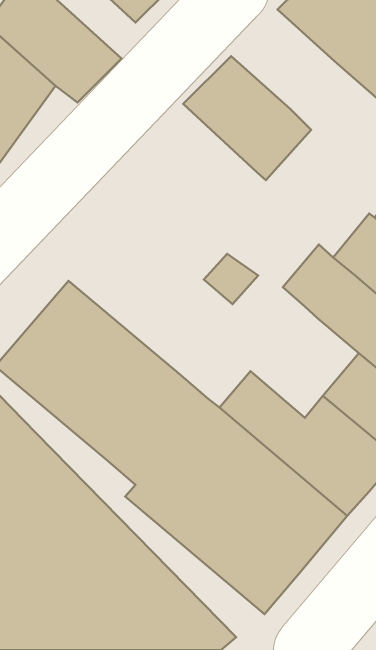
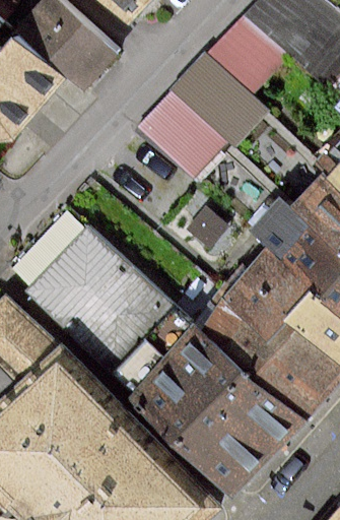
building: none -> [210,13,291,91]
building: none -> [139,87,230,180]
building: none -> [225,247,311,334]

